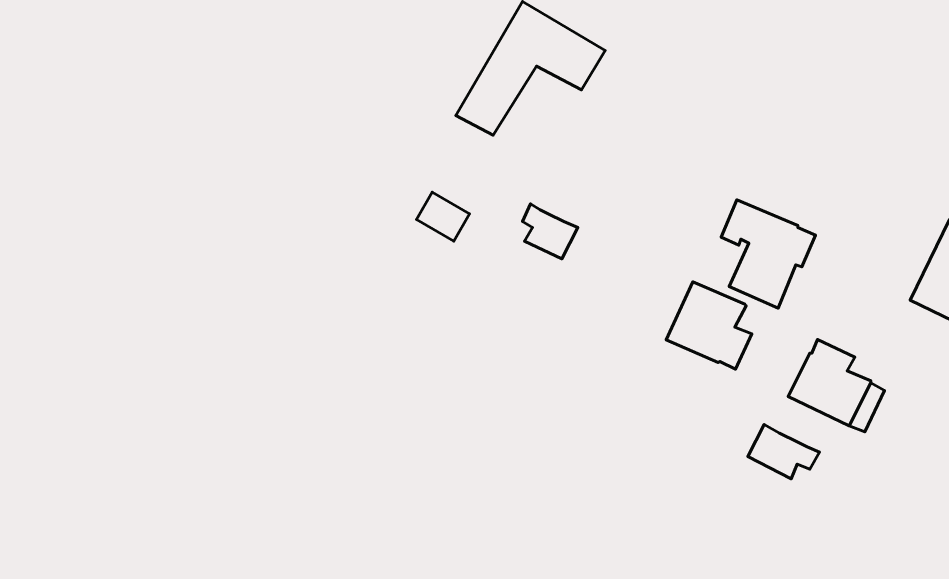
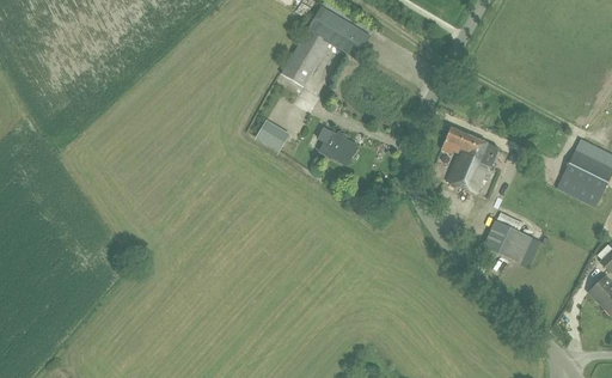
building: [666,282,752,369] -> none
building: [748,424,819,479] -> none

